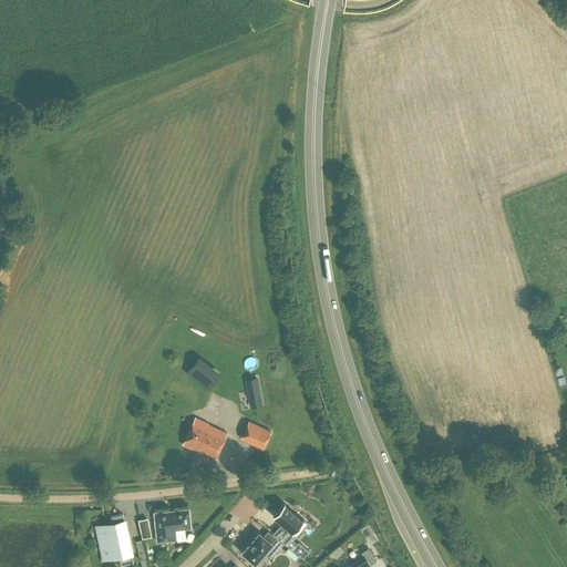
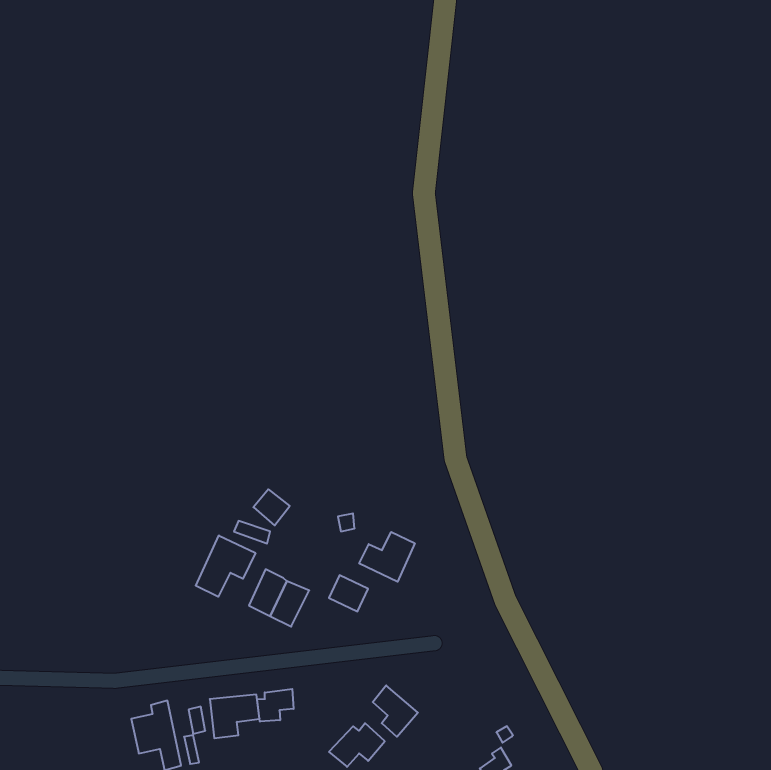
building: none -> [359,532,415,582]
building: none -> [196,535,255,597]
building: none -> [257,689,294,722]

